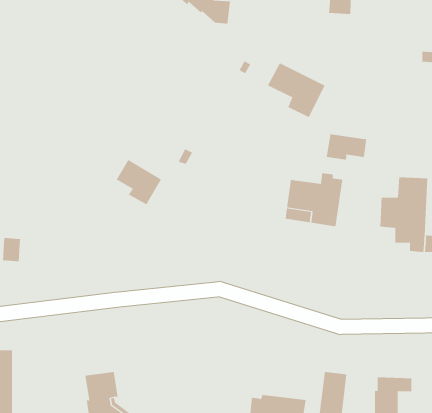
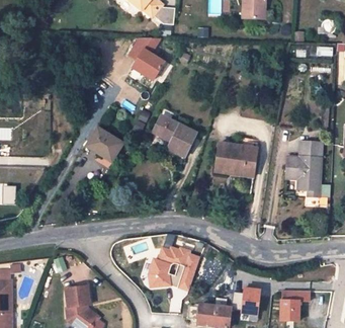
building: none -> [126,37,164,80]
building: [267,62,325,118] -> [153,114,196,156]
building: [326,134,367,161] -> none
building: none -> [151,245,201,290]

